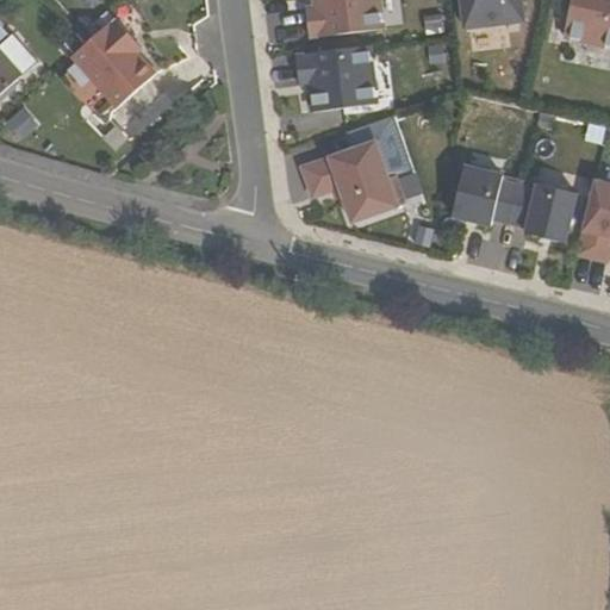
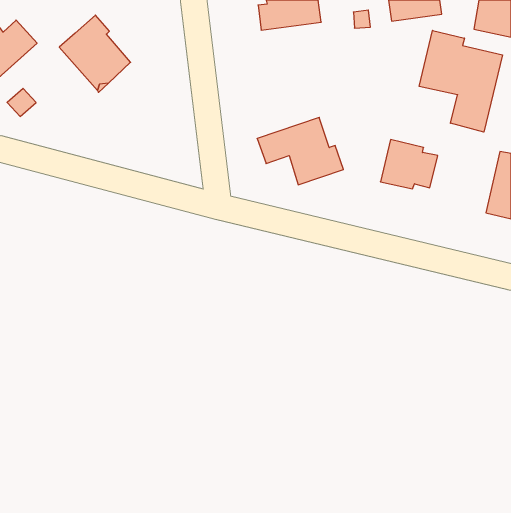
building: none -> [419,30,502,132]
building: [297,43,375,110] -> none
building: [510,183,577,243] -> none

